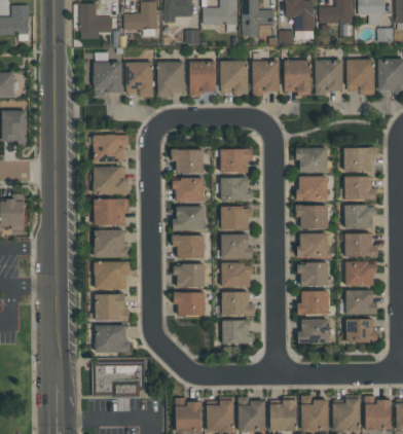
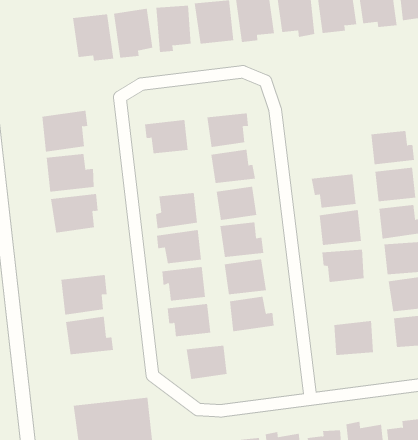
building: [94,62,122,98] -> none
building: [296,147,328,172] -> none
building: [343,147,376,171] -> none
building: [297,176,328,201] -> none
building: [174,178,205,202] -> none
building: [95,229,127,257] -> none
building: [297,290,329,315] -> none
building: [222,320,252,343] -> [186,345,227,380]
building: [96,324,130,353] -> none

